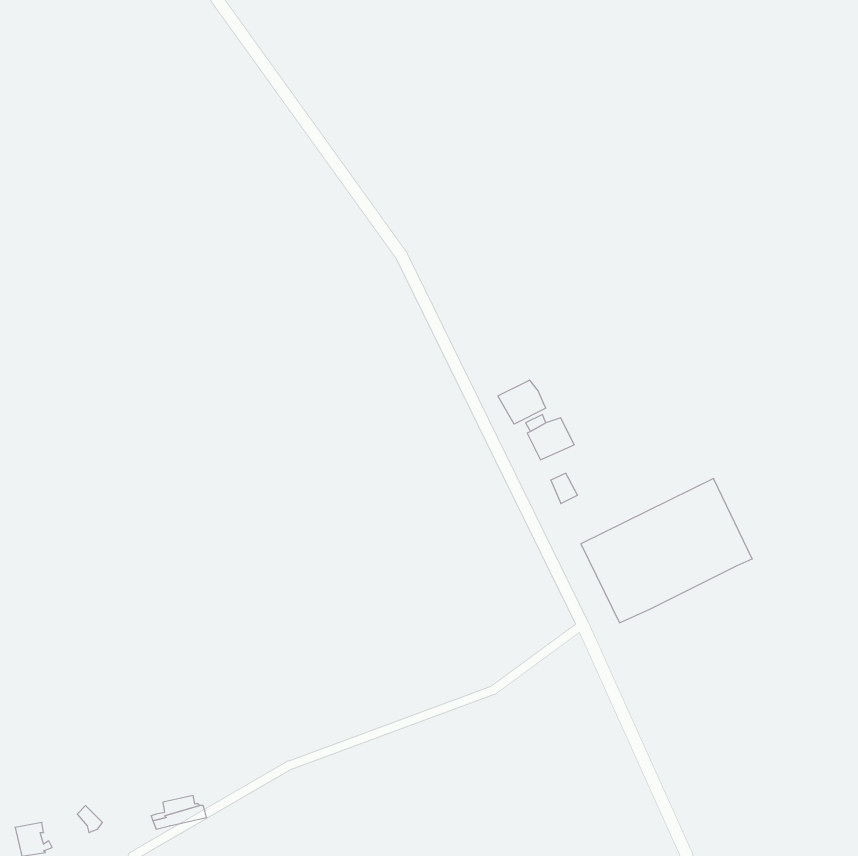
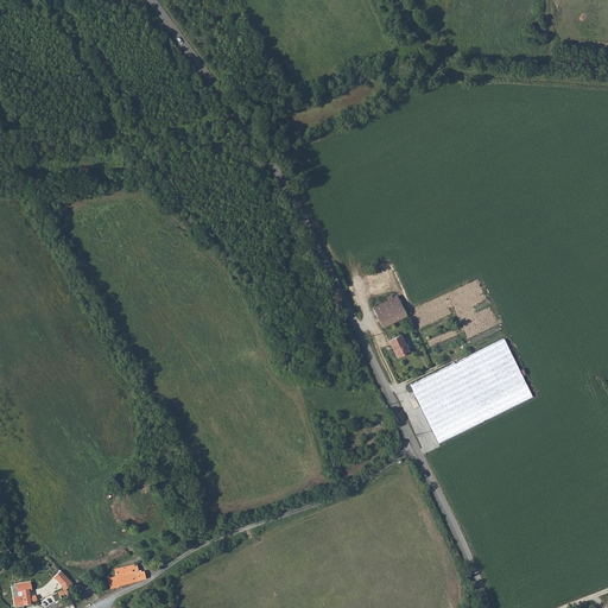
building: [498,380,546,424] -> none

